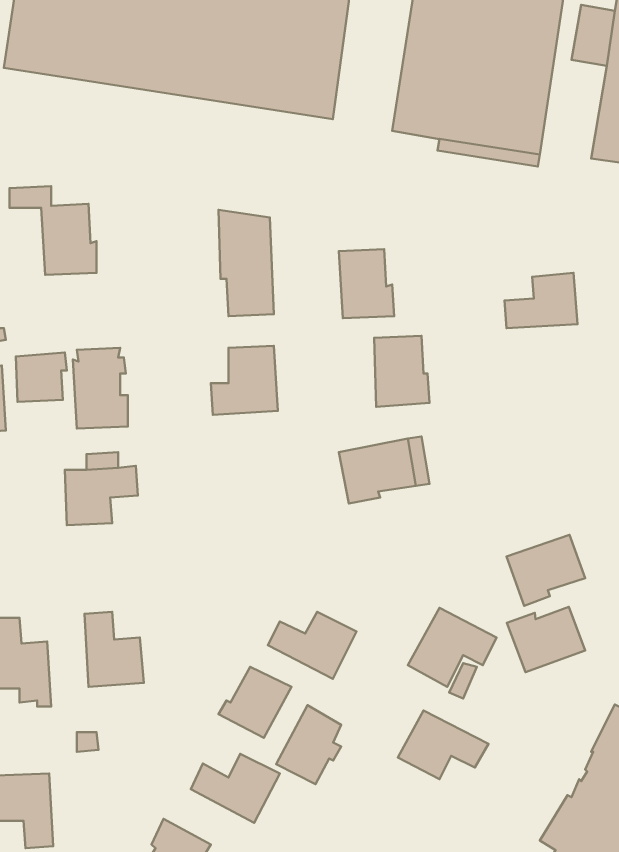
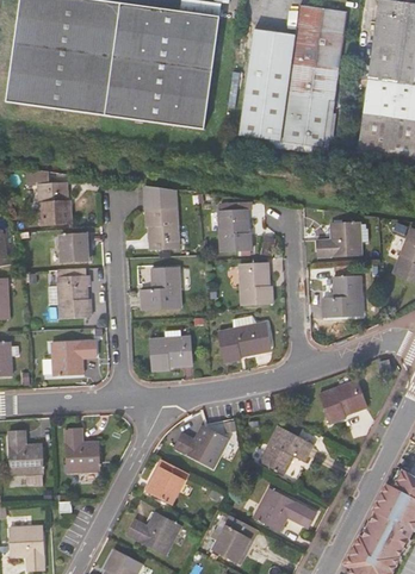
building: [16,353,67,402] -> [57,232,88,262]
building: none -> [323,279,364,322]
building: none -> [147,336,188,369]
building: [507,607,585,672] -> none
building: [276,705,341,784] -> [211,514,250,562]

